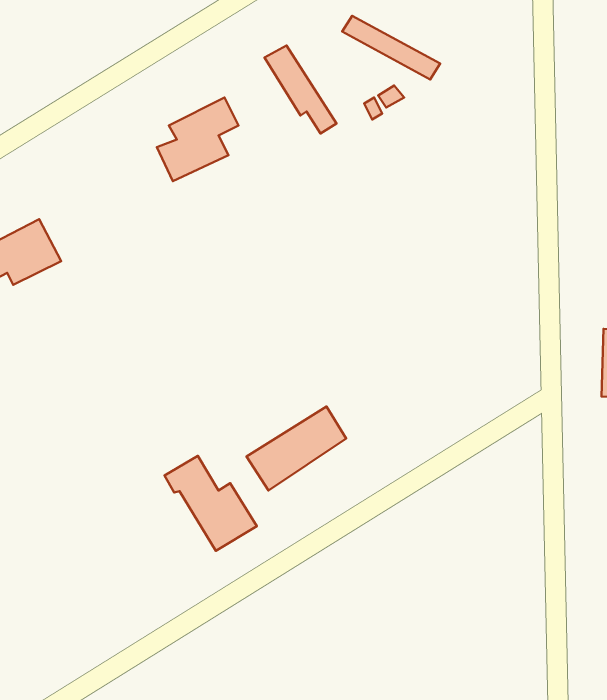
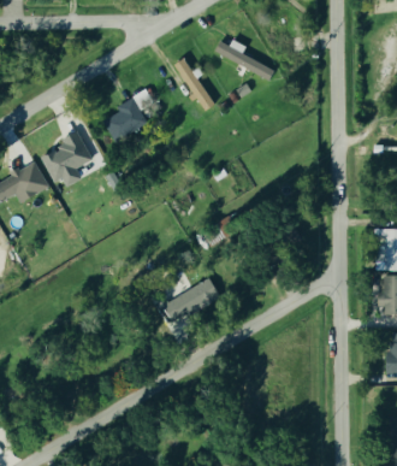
building: none -> [38,134,93,187]
building: [165,456,257,551] -> none

